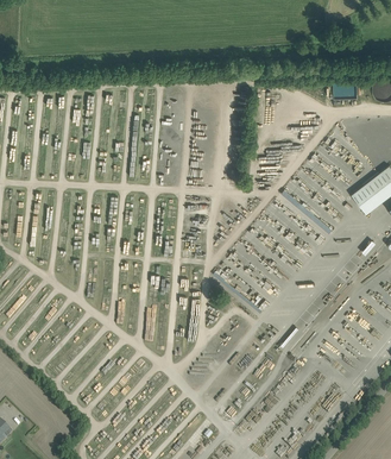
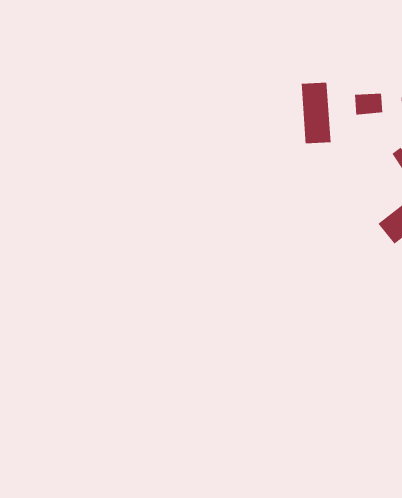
building: none -> [301,82,331,144]

